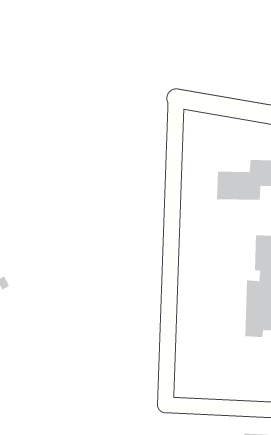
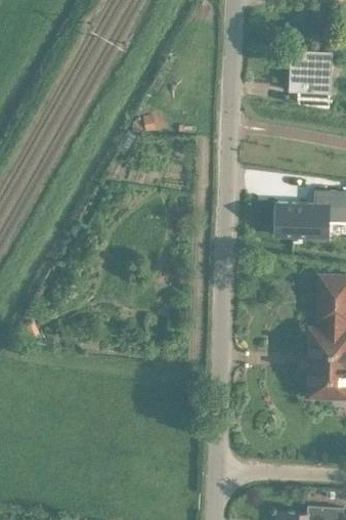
building: none -> [289,50,332,110]

